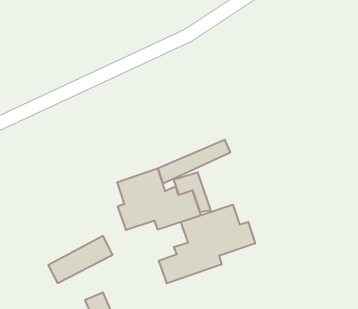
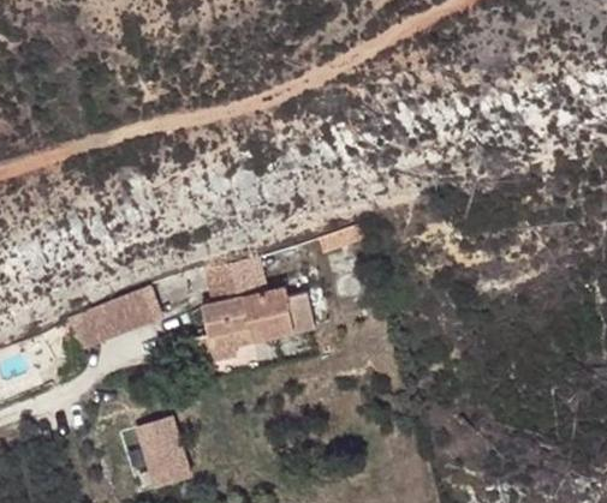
building: [159,205,255,283] -> none
building: [48,236,113,283] -> [66,288,157,348]

